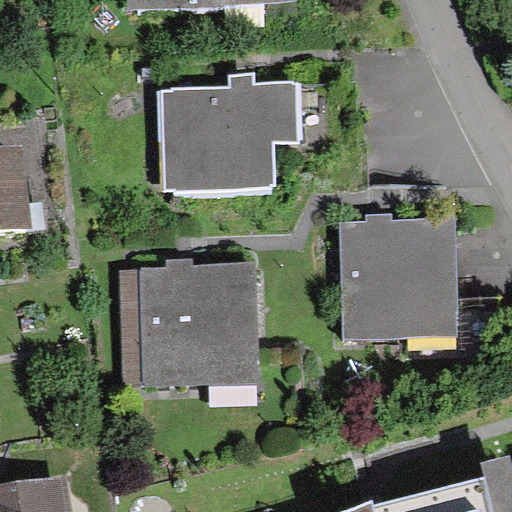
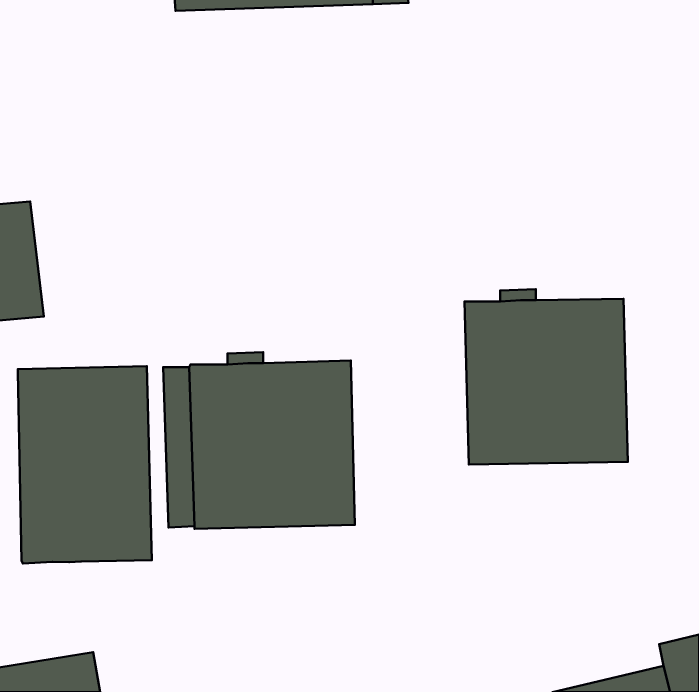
building: [160,75,301,193] -> none
building: none -> [18,366,152,564]

